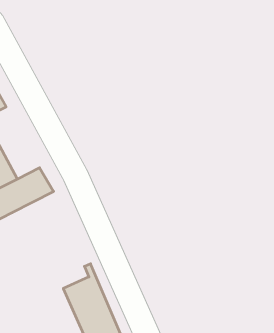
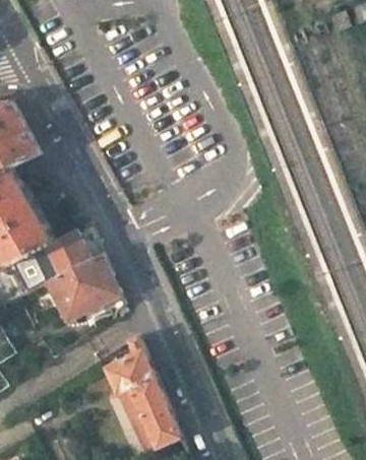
building: none -> [45,251,118,319]

